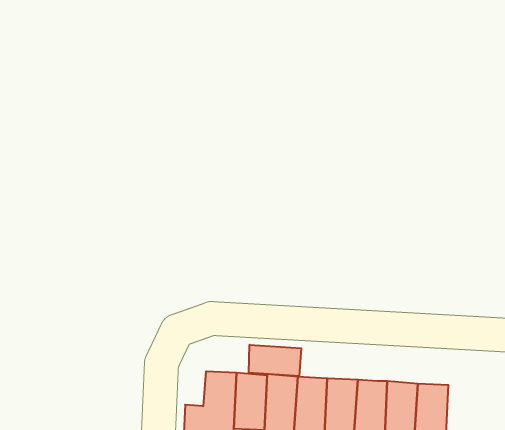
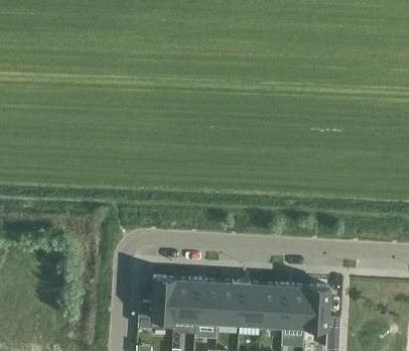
building: [249,345,301,376] -> none

